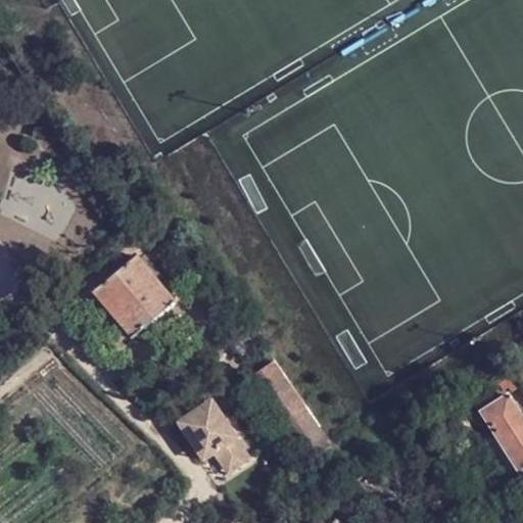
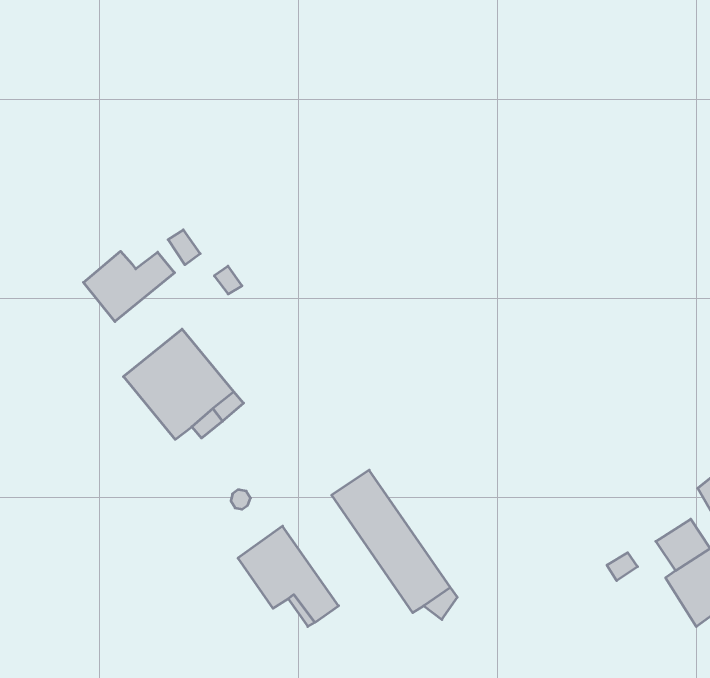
building: none -> [83,251,175,322]

